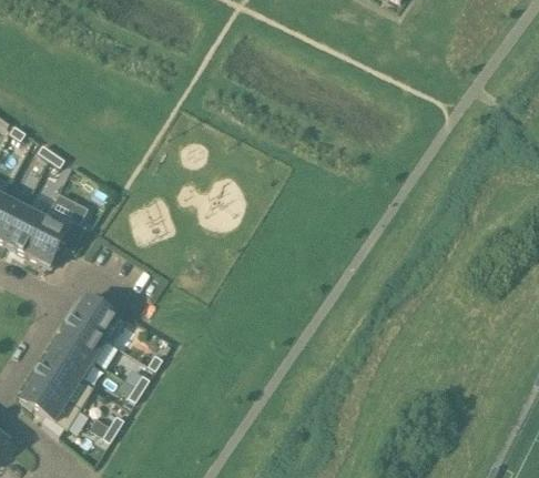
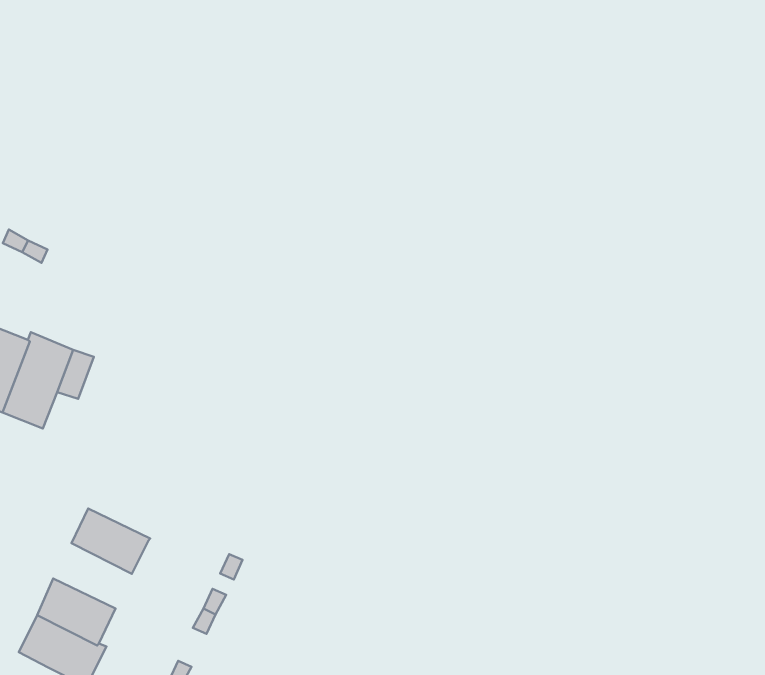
building: [71,294,123,339] -> none
building: [45,334,93,376] -> none

